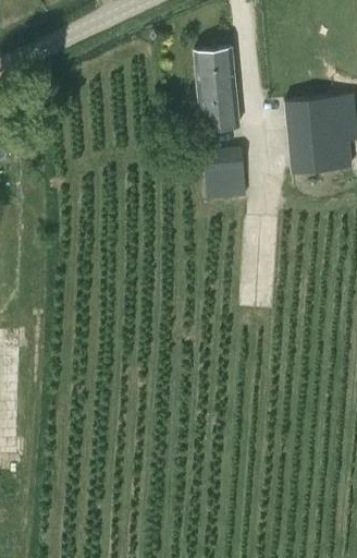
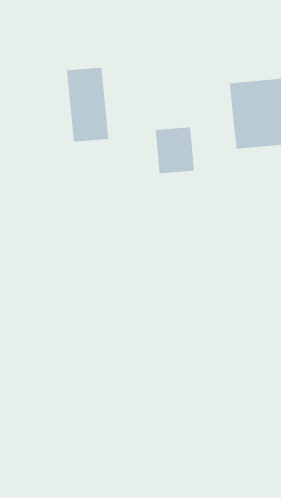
building: [192,48,238,131] -> [66,67,109,142]

